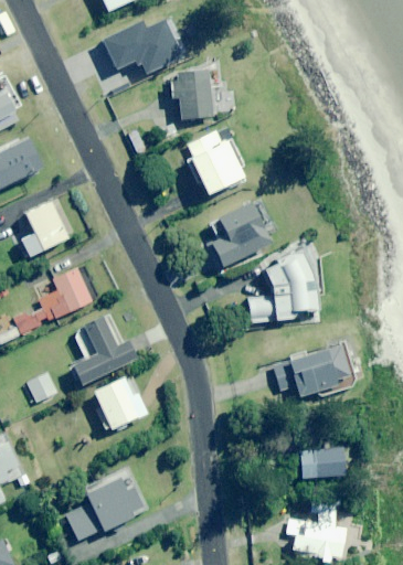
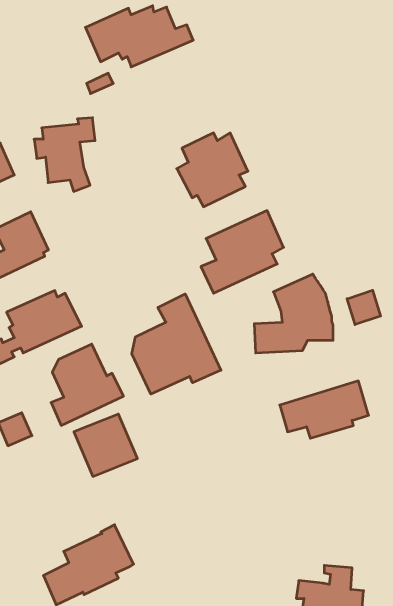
building: [168,64,221,128] -> [34,118,95,191]
building: none -> [347,290,381,325]
building: none -> [132,294,221,394]
building: [298,448,344,479] -> none

